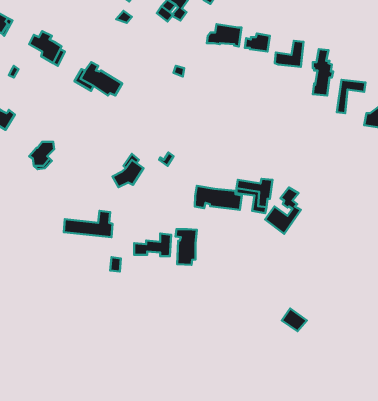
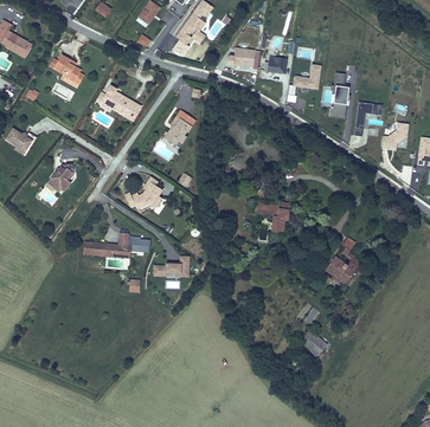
building: none -> [161,109,195,145]
building: [195,186,242,210] -> none
building: [265,187,301,234] -> [326,237,361,283]
building: [176,229,197,265] -> none

